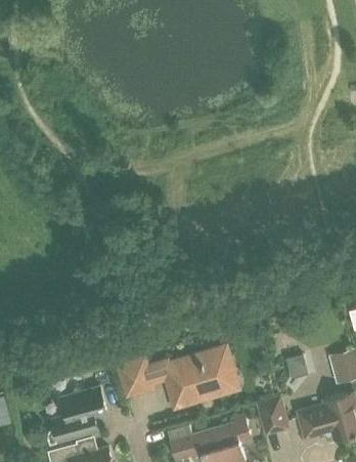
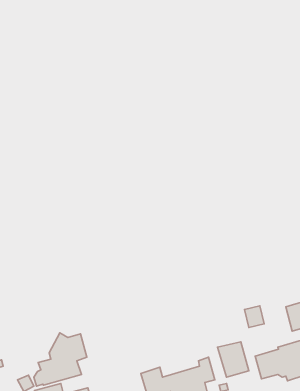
building: [114,345,237,409] -> none

